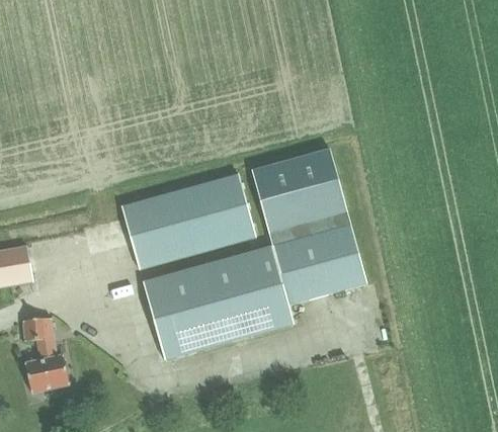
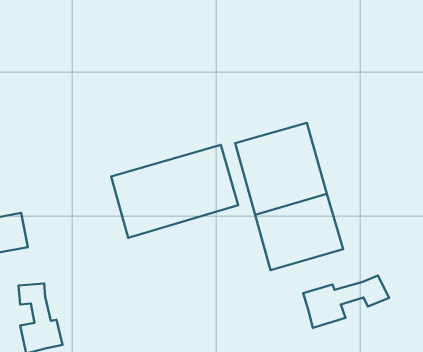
building: [142,245,293,360] -> none
building: none -> [303,275,389,328]

